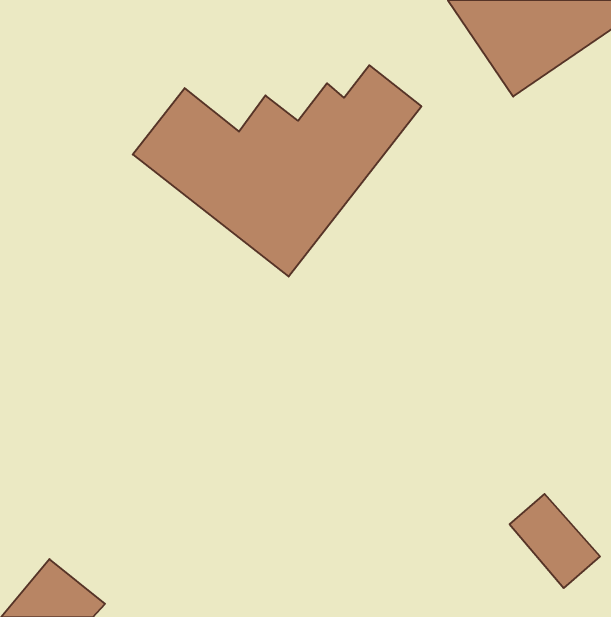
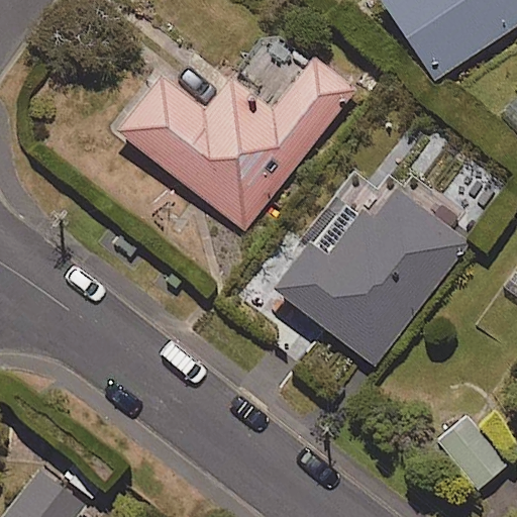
building: none -> [272,173,471,367]

